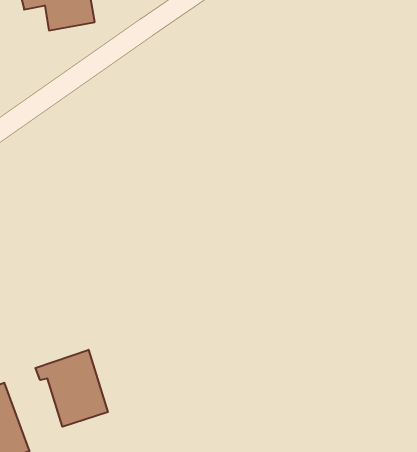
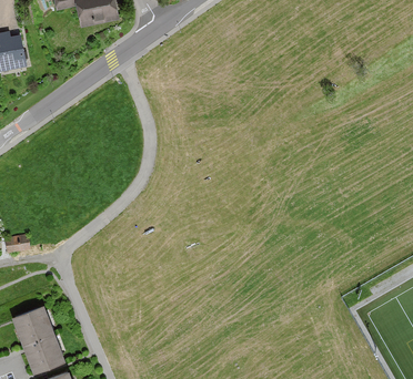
building: [35,350,108,427] -> none

